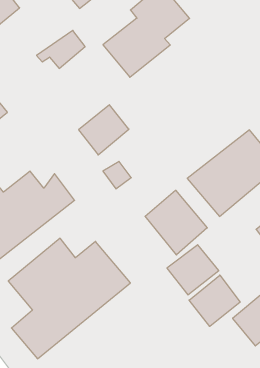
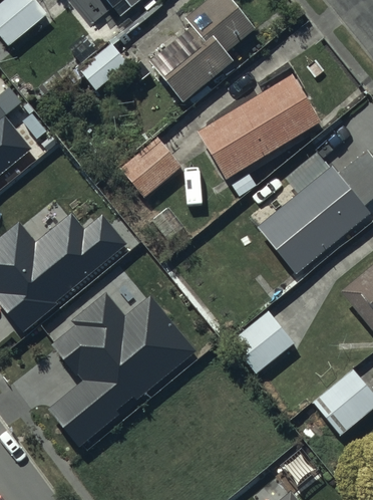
building: none -> [199,73,323,180]
building: [145,190,207,255] -> none
building: [189,275,240,326] -> none

